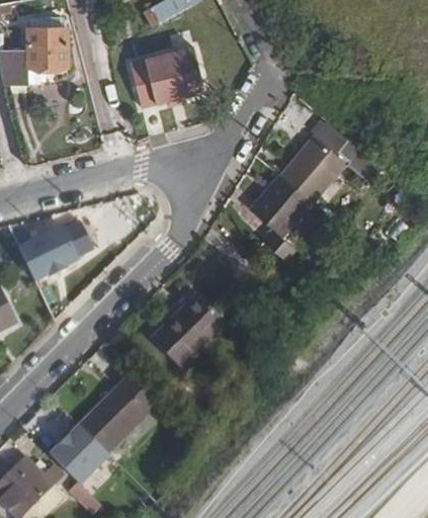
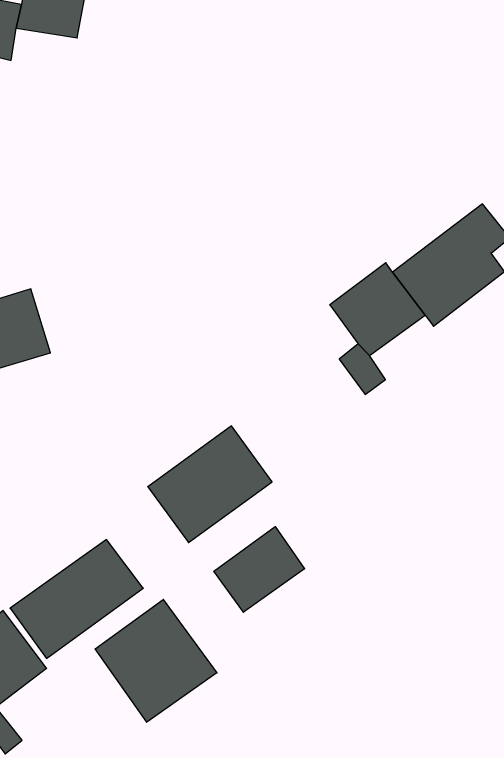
building: [115,54,189,111] -> none
building: none -> [214,527,305,612]
building: none -> [95,599,217,722]

